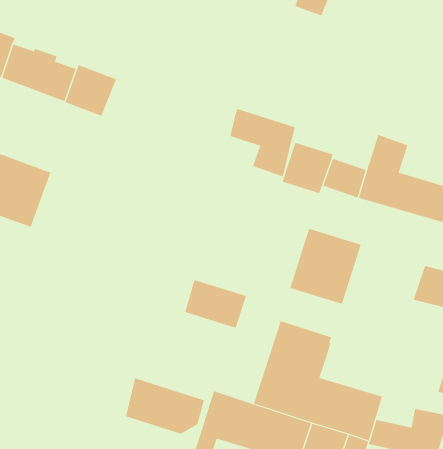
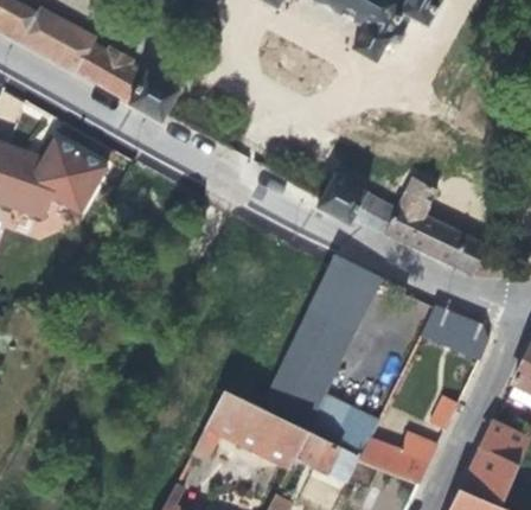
building: [230,108,295,177] -> none
building: [185,280,247,329] -> [295,306,354,357]
building: [125,377,204,435] -> none

